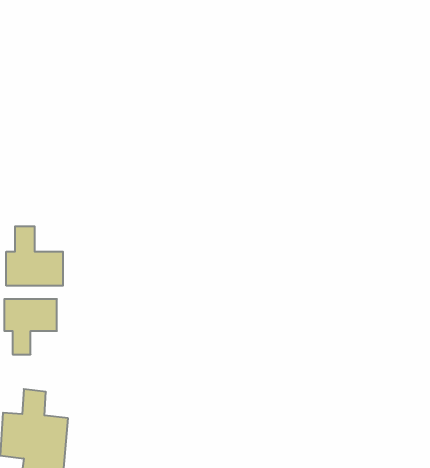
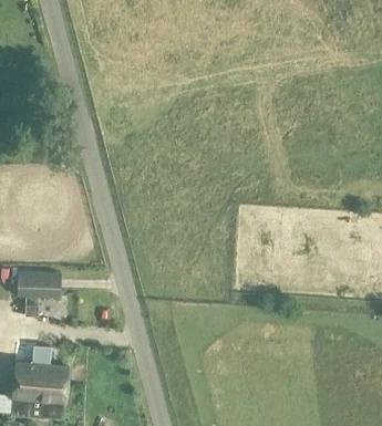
building: [6,226,63,286] -> none

